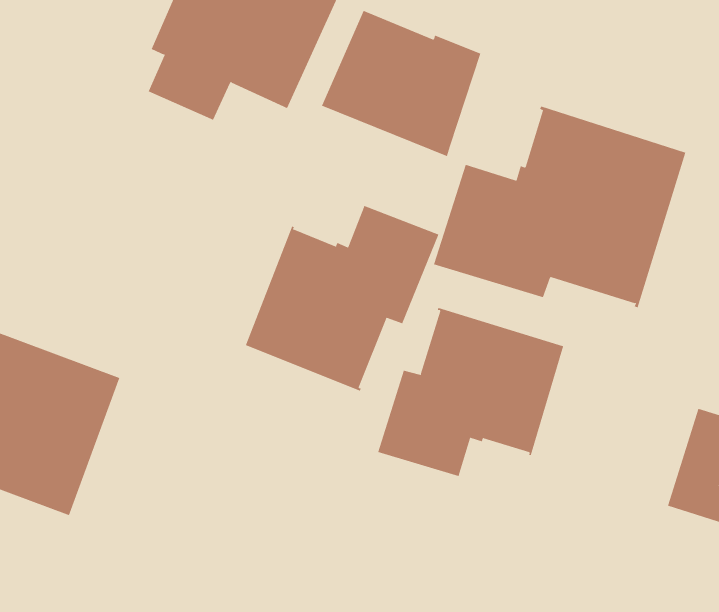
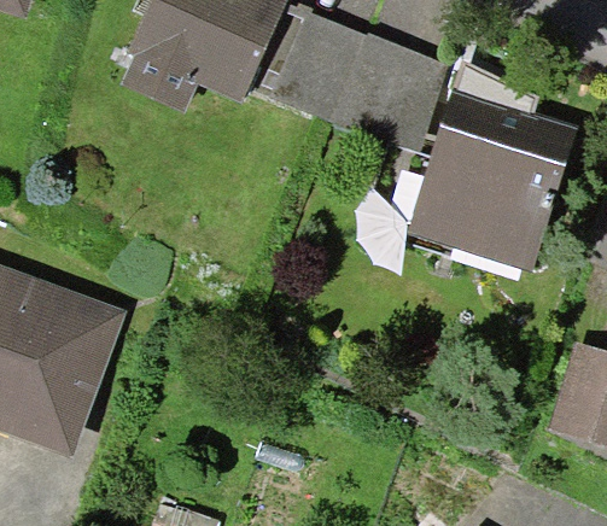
building: [245,205,439,392] -> none
building: [377,307,564,477] -> none

